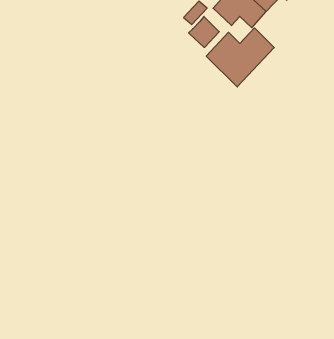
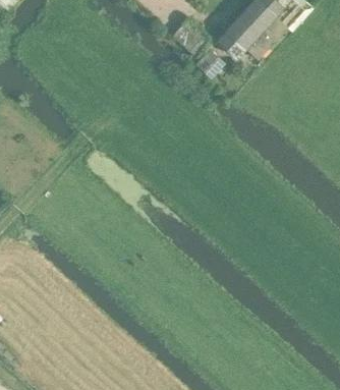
building: [206,28,274,87] -> none

